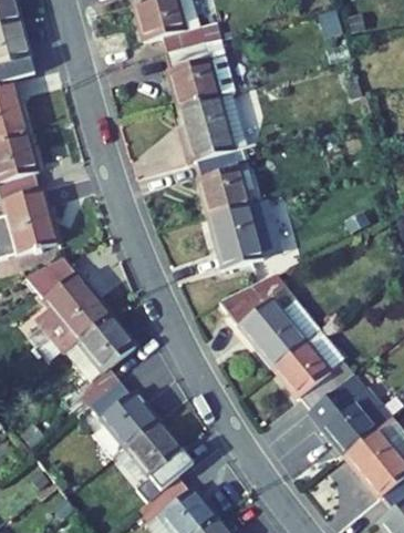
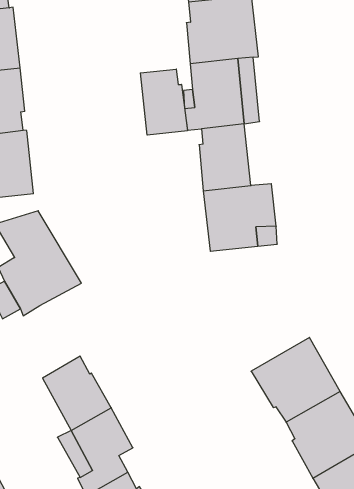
building: none -> [140,69,187,135]
building: [220,275,323,370] -> none
building: [70,316,138,414] -> none

